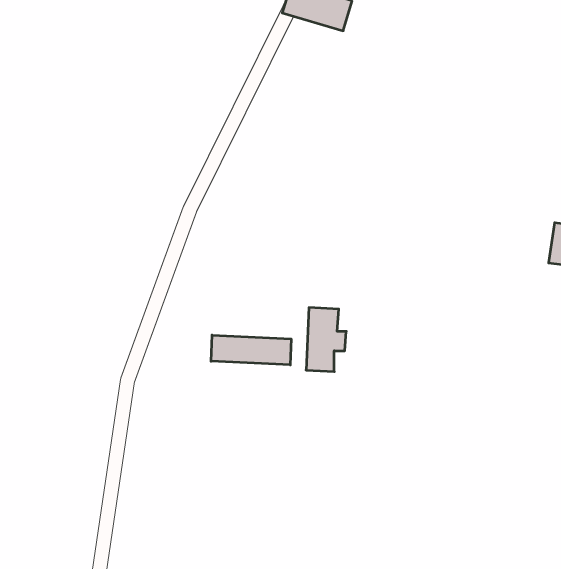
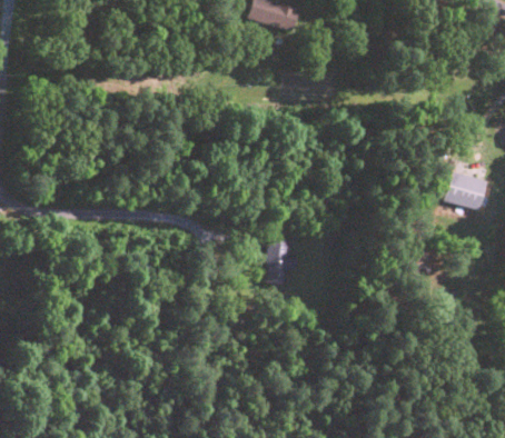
building: [211,335,291,365] -> none

